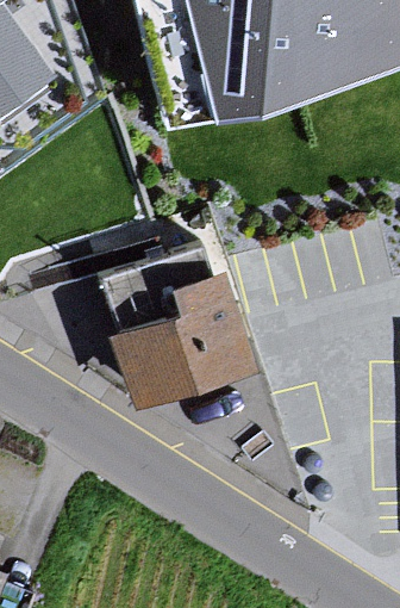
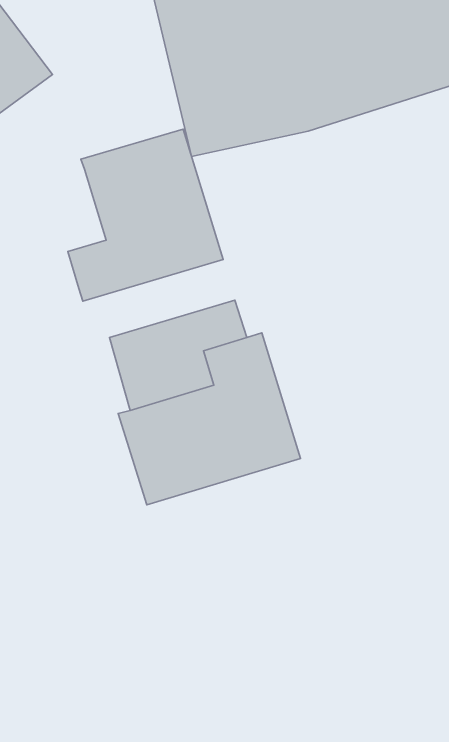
building: none -> [68,129,223,301]

